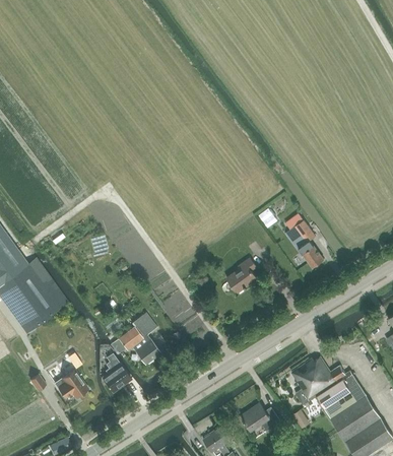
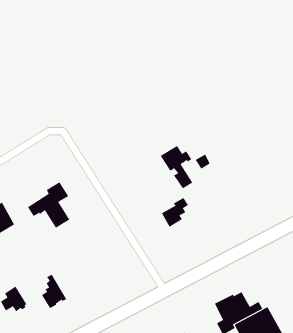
building: [284,219,323,267] -> [160,145,193,189]
building: [112,312,159,364] -> [27,182,70,229]

